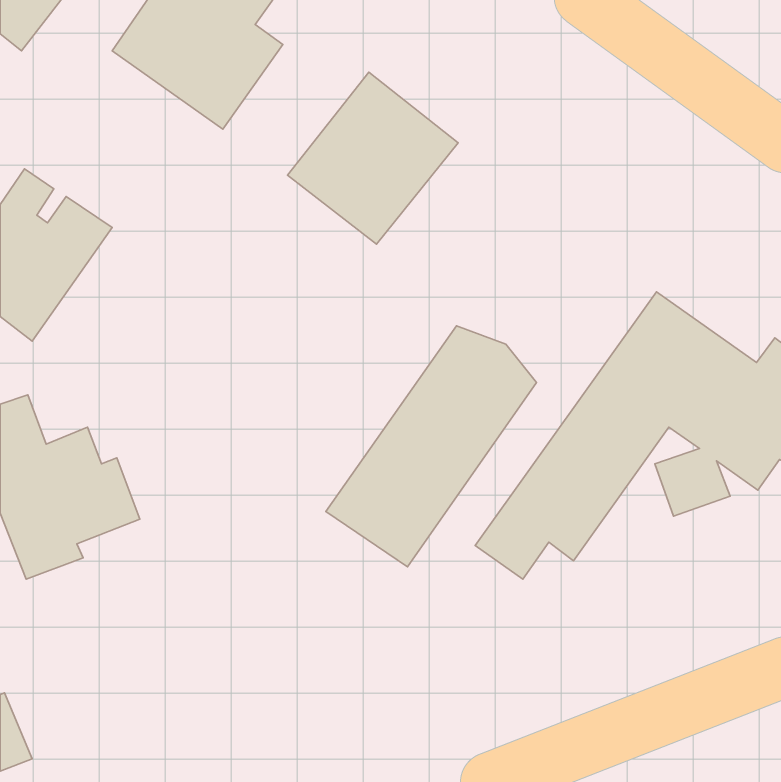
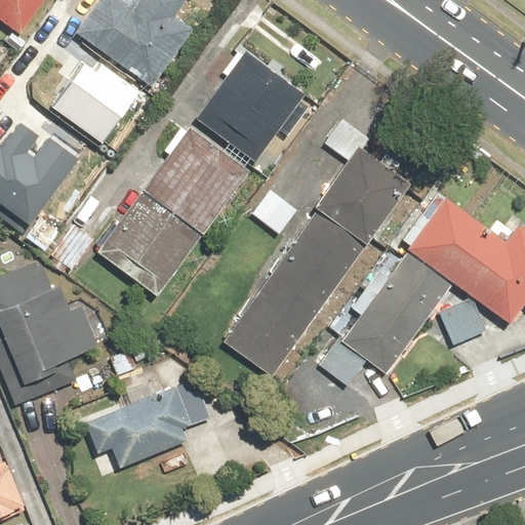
building: none -> [52,55,140,145]
building: none -> [313,117,410,245]
building: none -> [96,122,250,296]
building: none -> [85,377,212,470]

